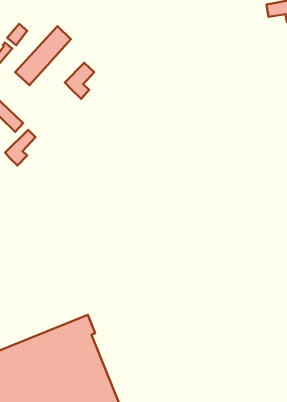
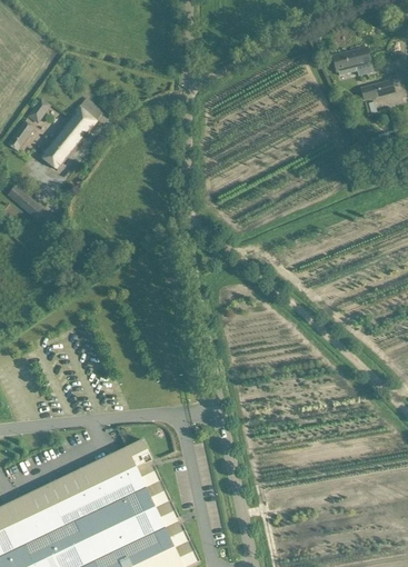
building: [65,63,94,99] -> none
building: [5,130,36,166] -> none

